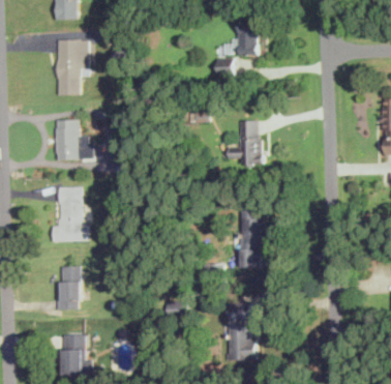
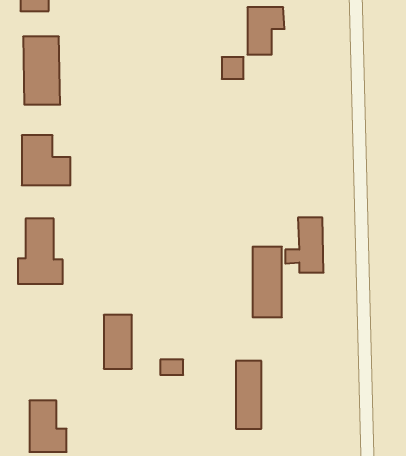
building: [228,121,259,166] -> [285,218,324,273]
building: [57,266,80,309] -> [104,315,132,369]

